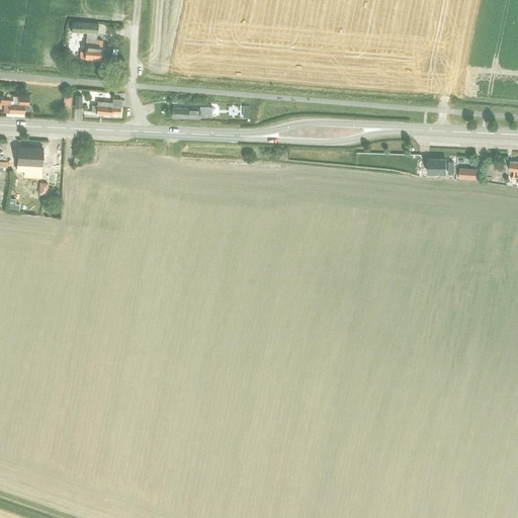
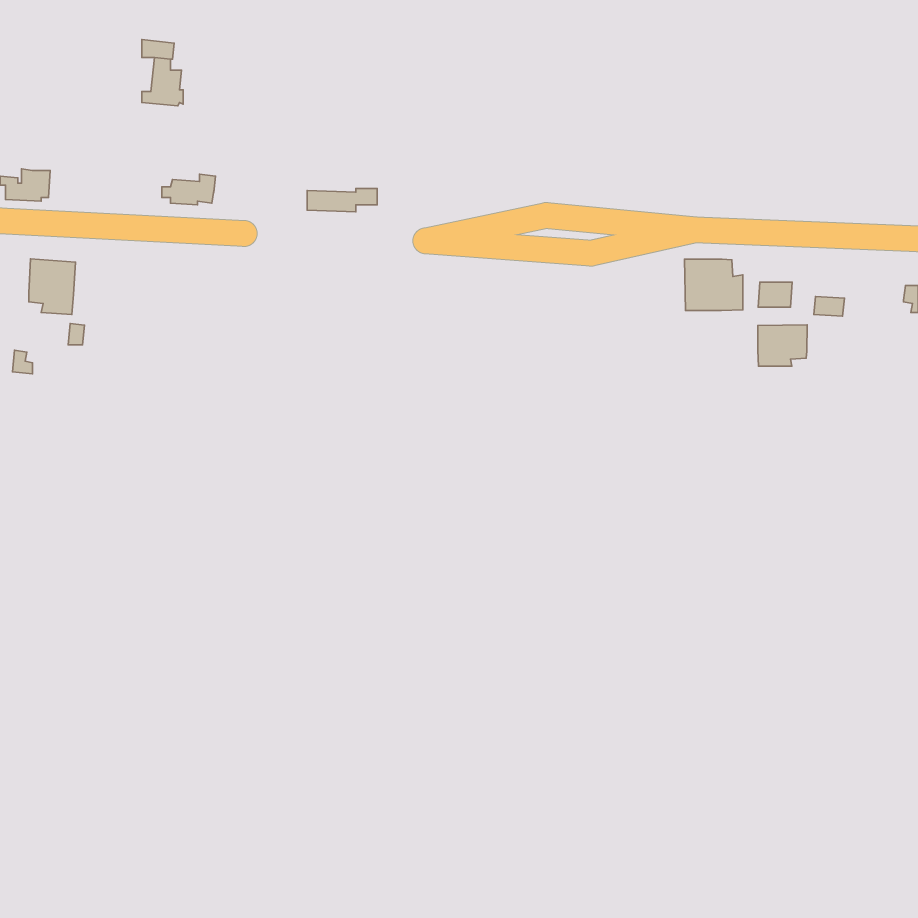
building: none -> [684,259,743,311]
building: none -> [758,325,807,366]

